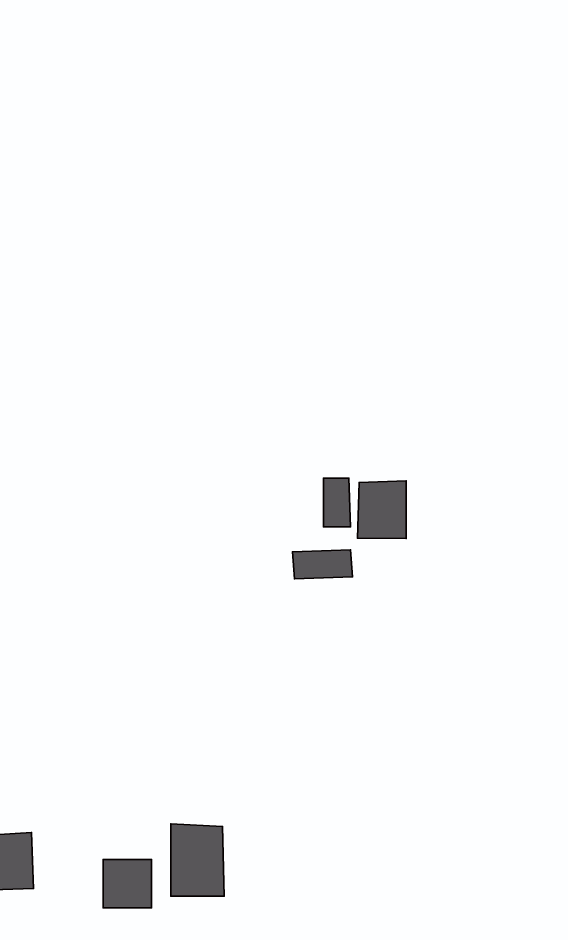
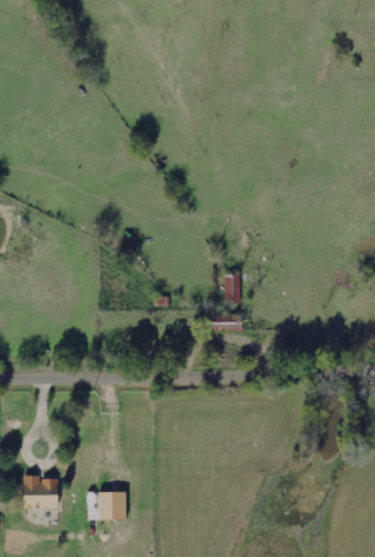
building: [358,481,406,538] -> none
building: [171,824,224,896] -> none

